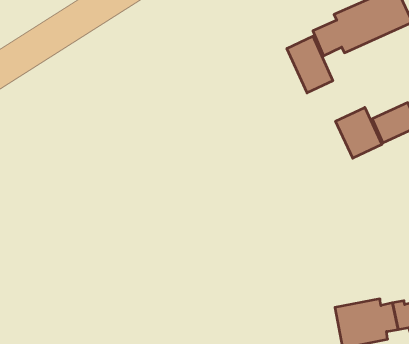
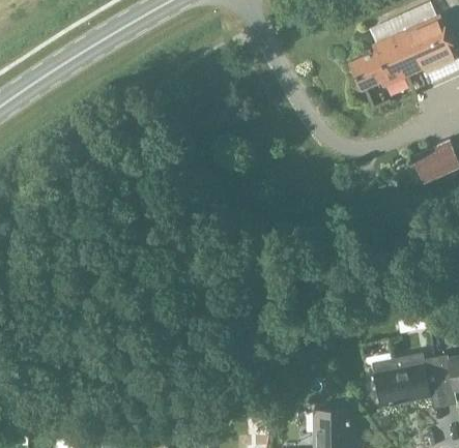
building: [287,36,333,93] -> none
building: [336,107,382,158] -> none

